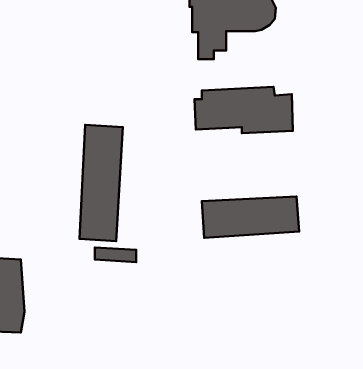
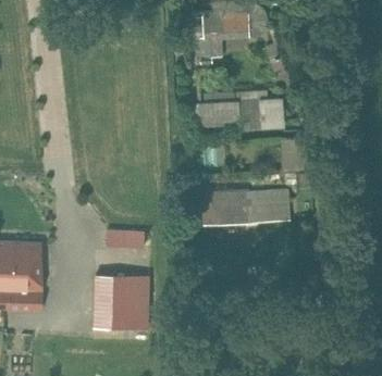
building: [80,125,123,241] -> none
building: none -> [93,275,150,329]

